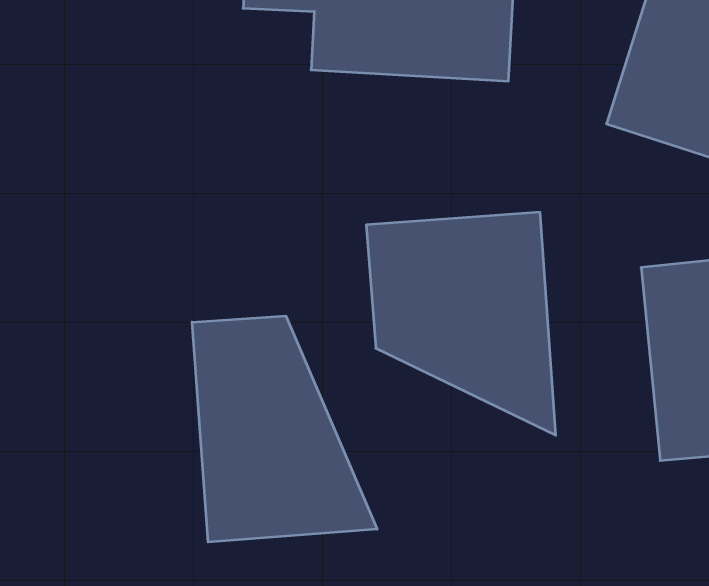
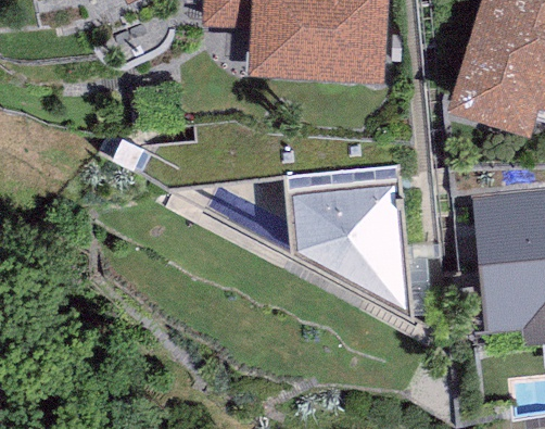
building: [192,316,377,542] -> none

